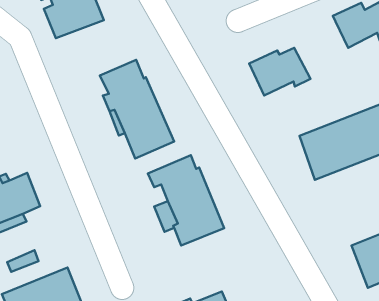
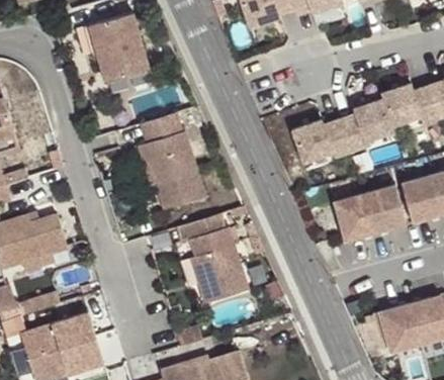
building: none -> [336,93,391,148]

